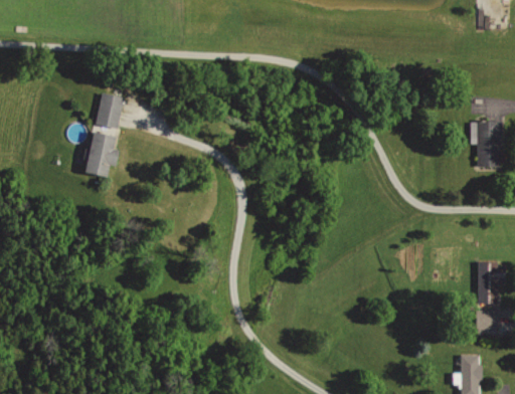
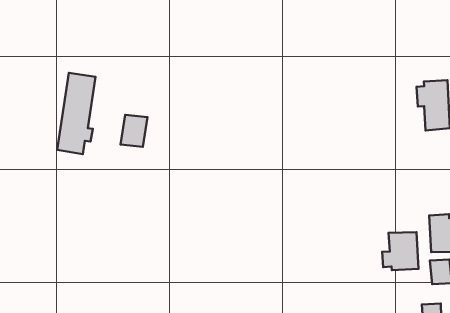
building: none -> [121,115,148,147]
building: none -> [382,232,419,270]

